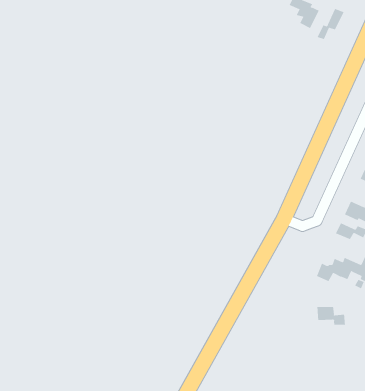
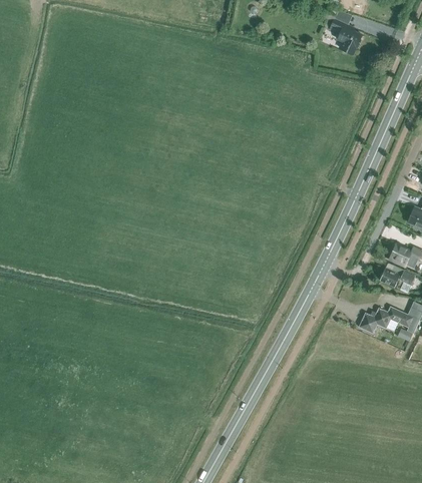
building: [317,8,344,40] -> none
building: [317,306,346,325] -> none

